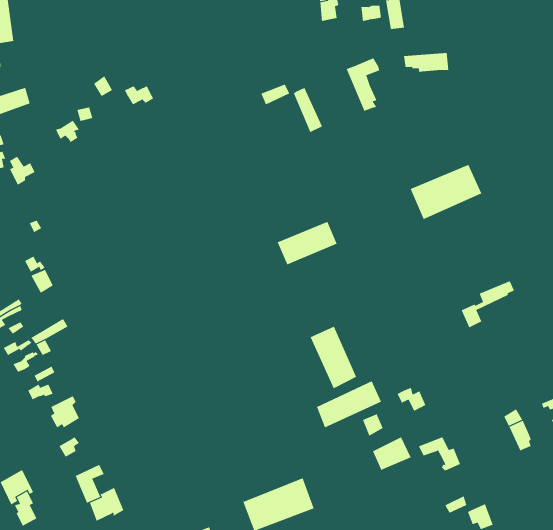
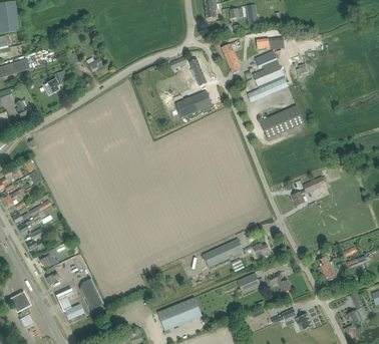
building: none -> [247,50,288,102]
building: [277,221,338,265] -> [174,90,212,117]
building: [310,326,357,389] -> none
building: none -> [79,278,103,310]

